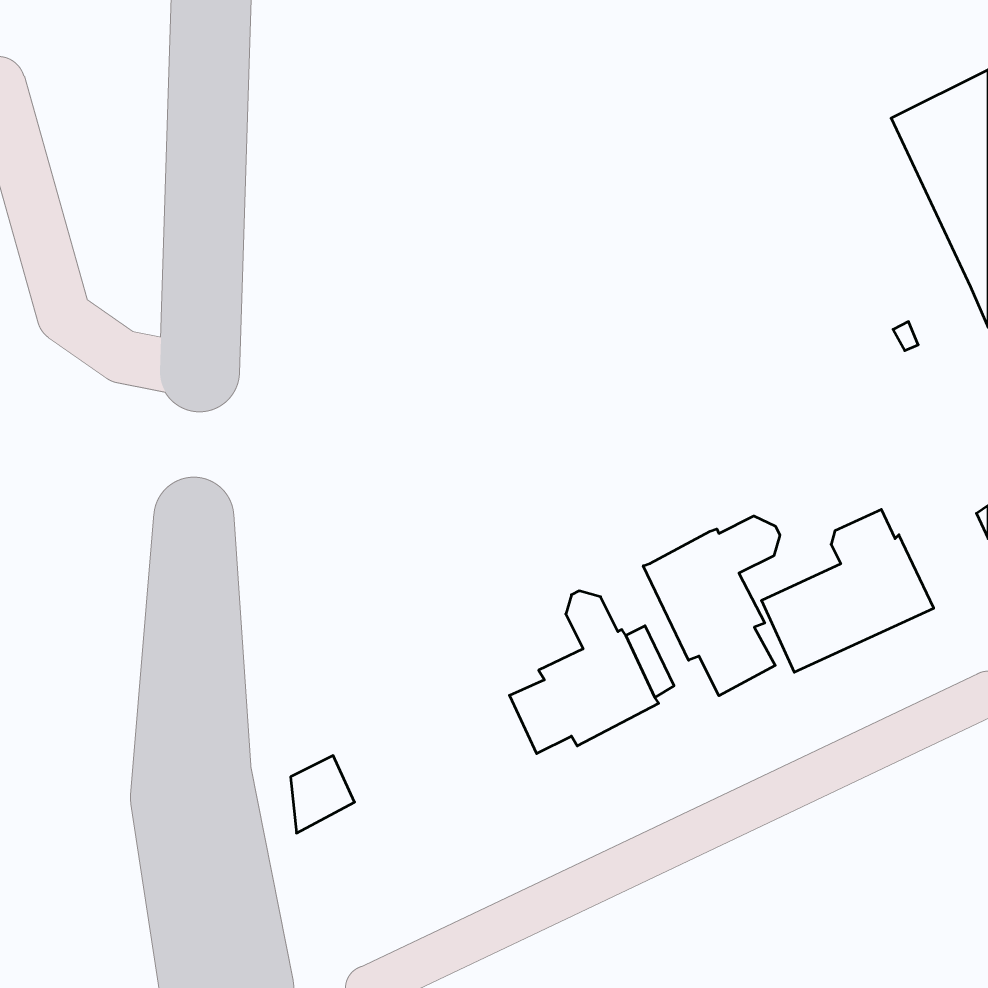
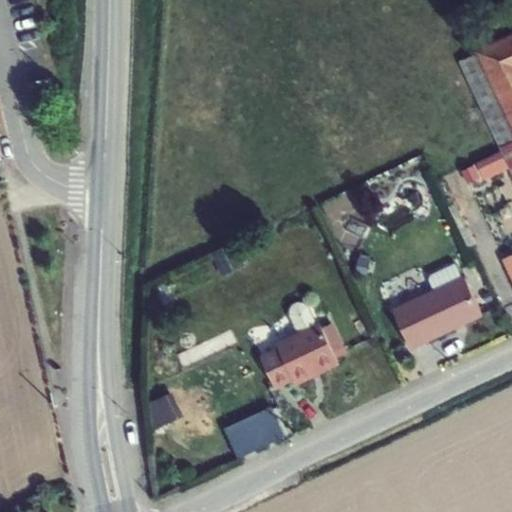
building: [643,516,780,696] -> none
building: none -> [224,404,285,457]

